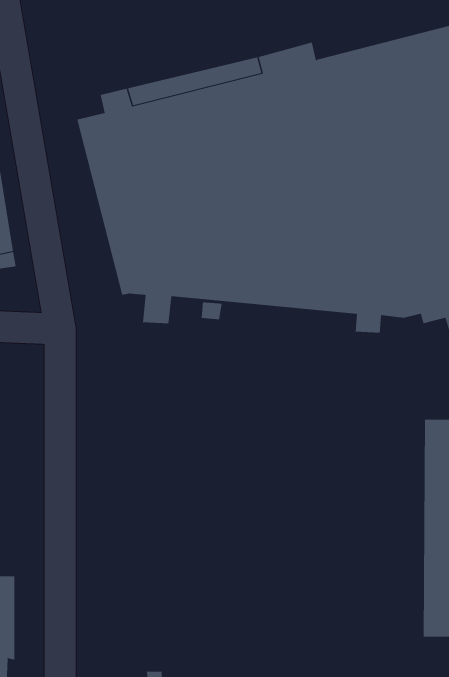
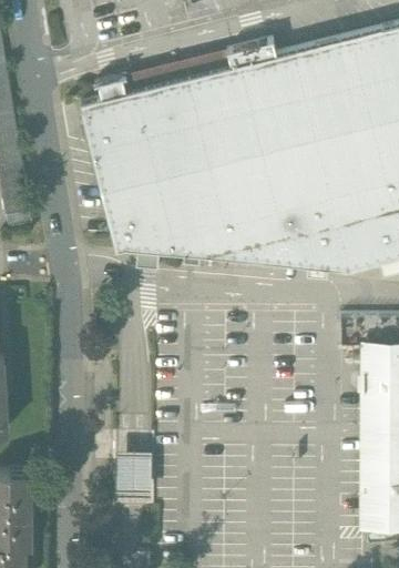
building: none -> [115,452,151,493]

